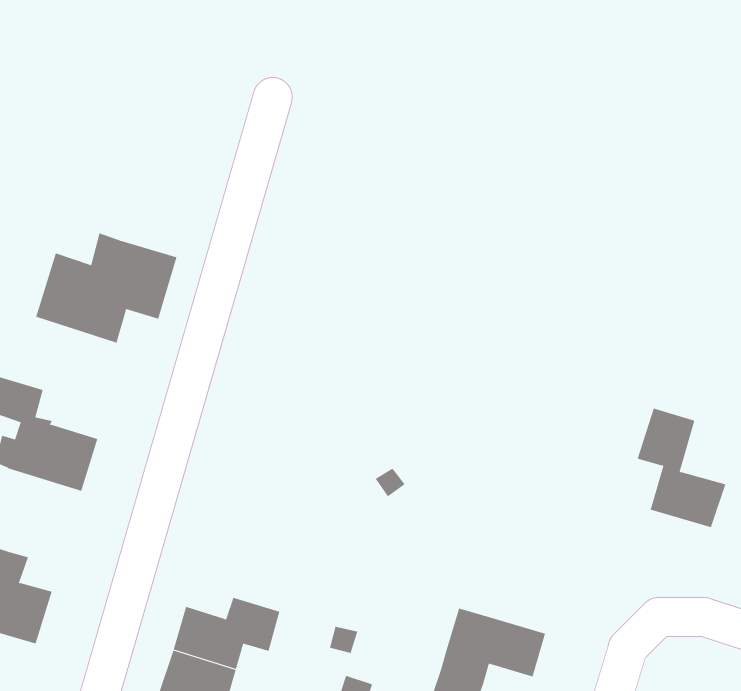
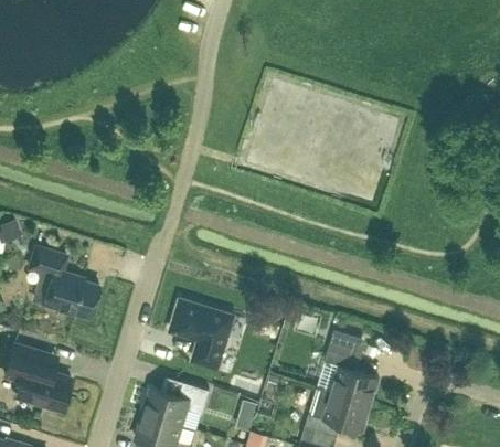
building: [36,233,177,344] -> none
building: [637,408,726,528] -> [326,331,380,404]
building: none -> [171,299,235,369]

